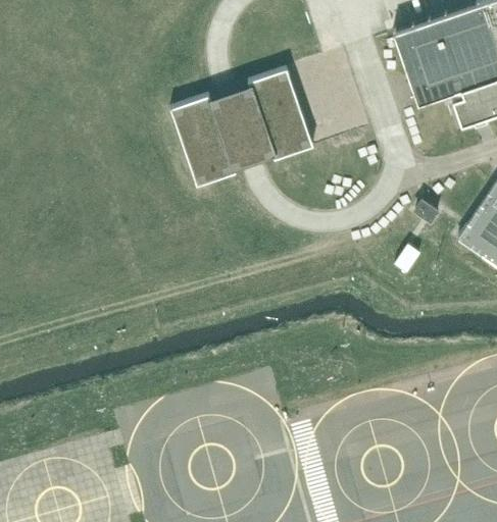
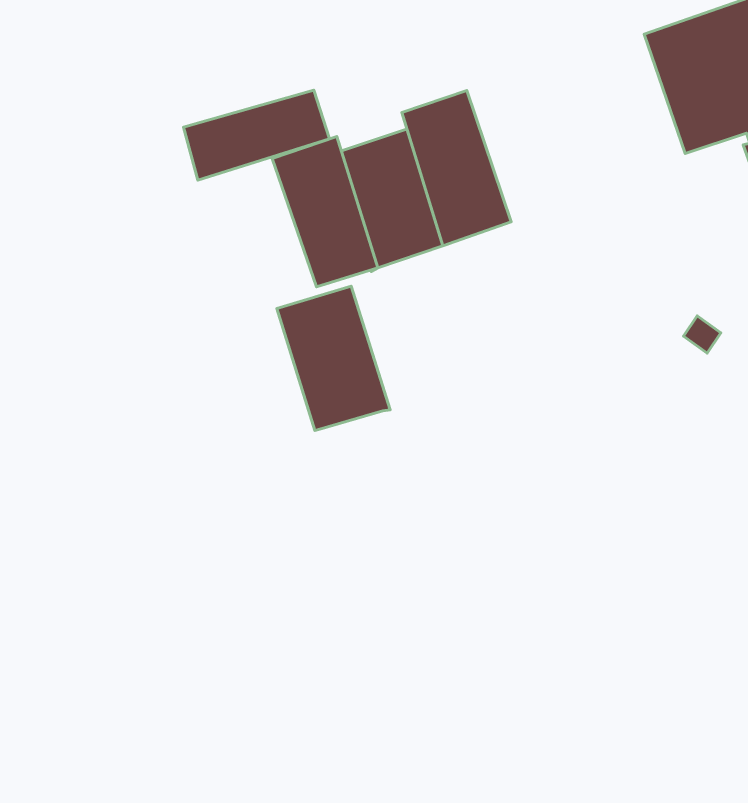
building: none -> [183,90,330,180]
building: none -> [277,286,390,431]

